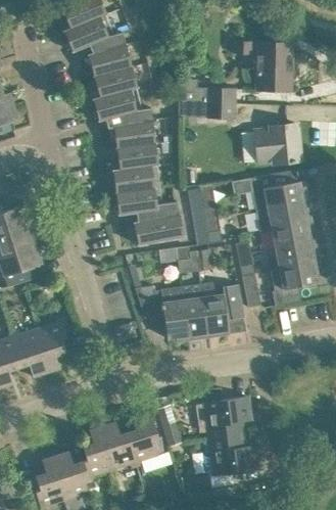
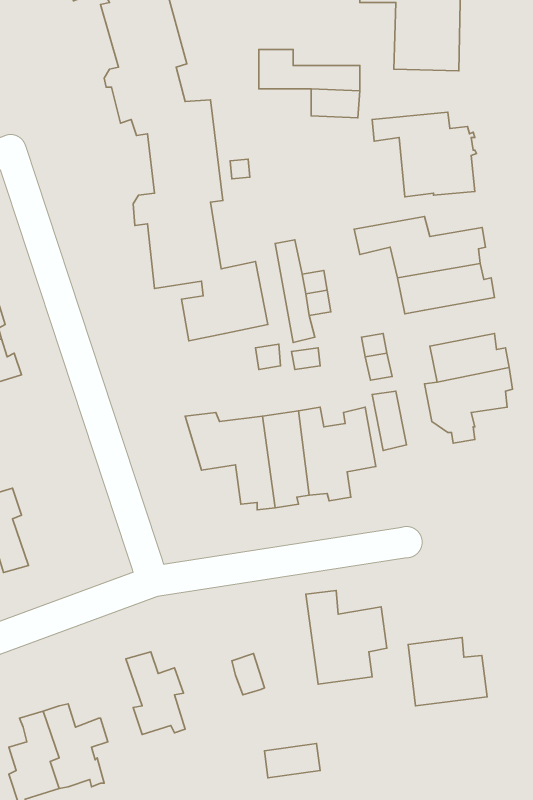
building: [272,221,315,248] -> none
building: [38,317,66,373] -> none
building: [130,411,158,466] -> none
building: [83,426,111,497] -> none
building: [211,436,256,475] -> [408,637,487,706]

